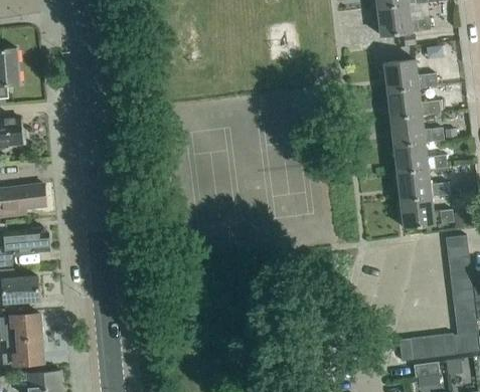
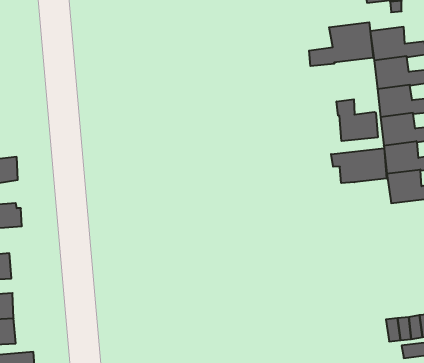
building: none -> [309,22,373,66]
building: none -> [337,99,378,141]
building: none -> [331,148,386,183]

